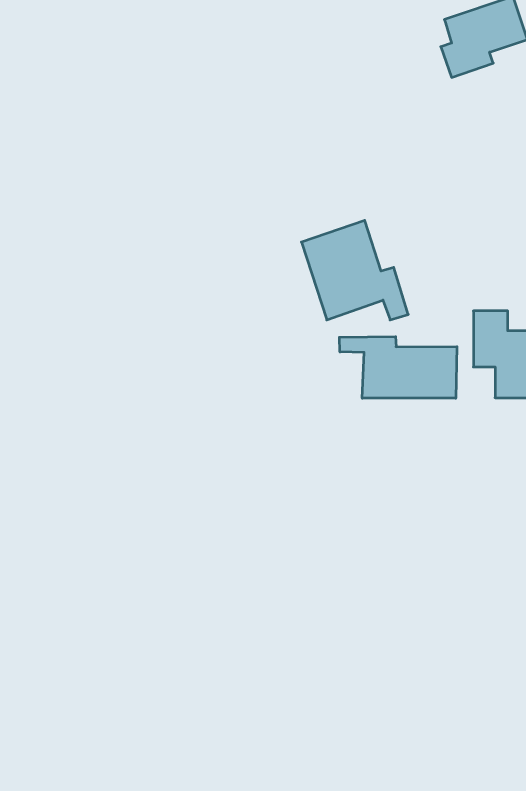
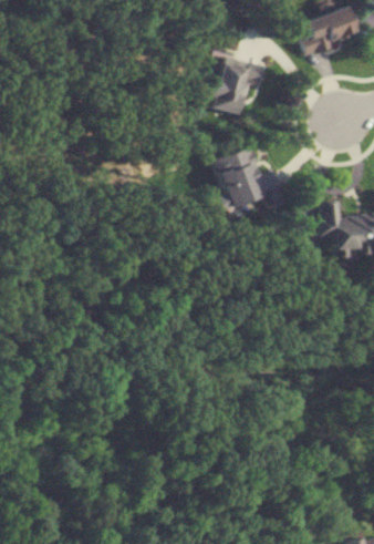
building: none -> [207,55,263,116]
building: [339,337,457,398] -> none

